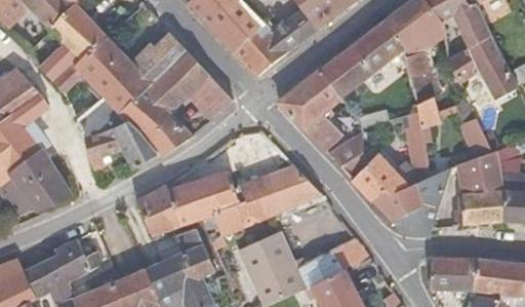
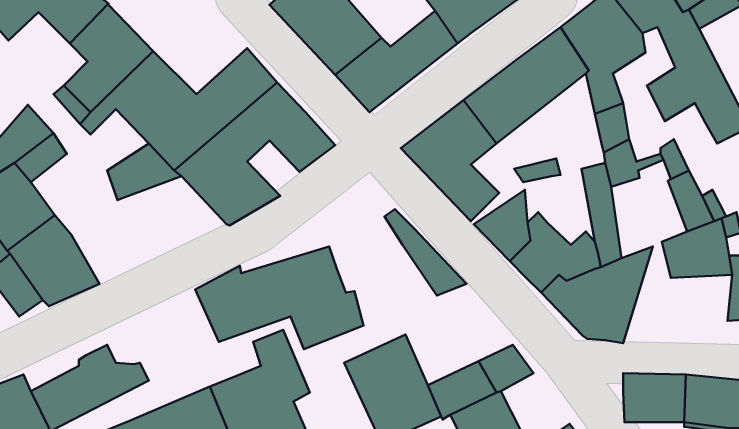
building: [83,122,158,169] -> none
building: [234,169,302,225] -> none
building: [463,190,506,225] -> none

